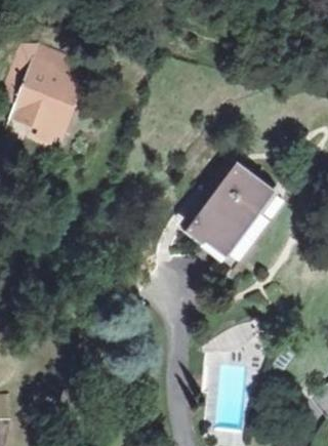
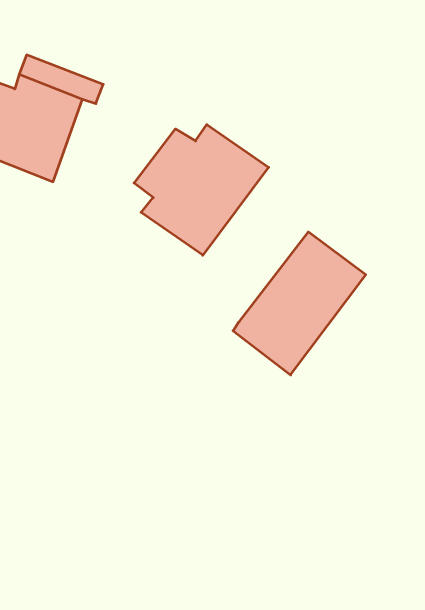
building: none -> [134,125,269,255]

